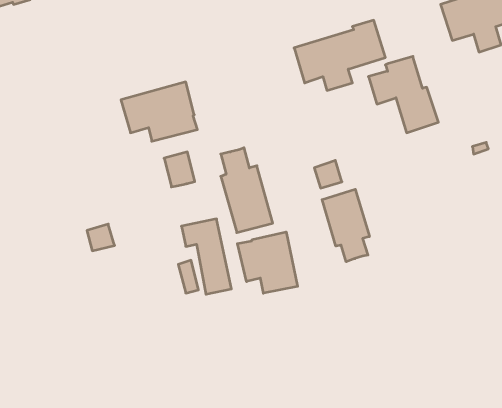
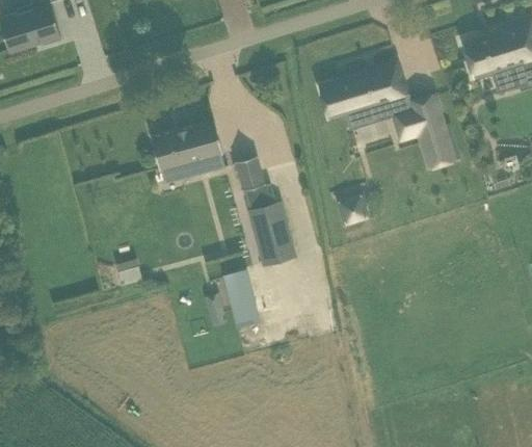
building: [164,152,195,187] -> [234,157,264,191]
building: [322,189,369,262] -> none
building: [237,232,298,293] -> none

